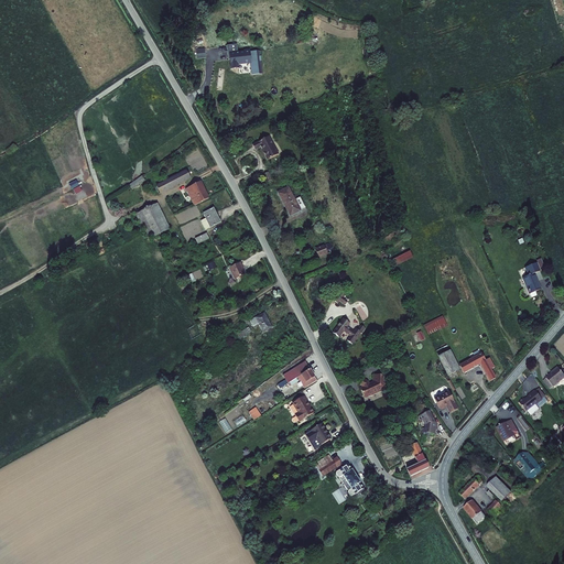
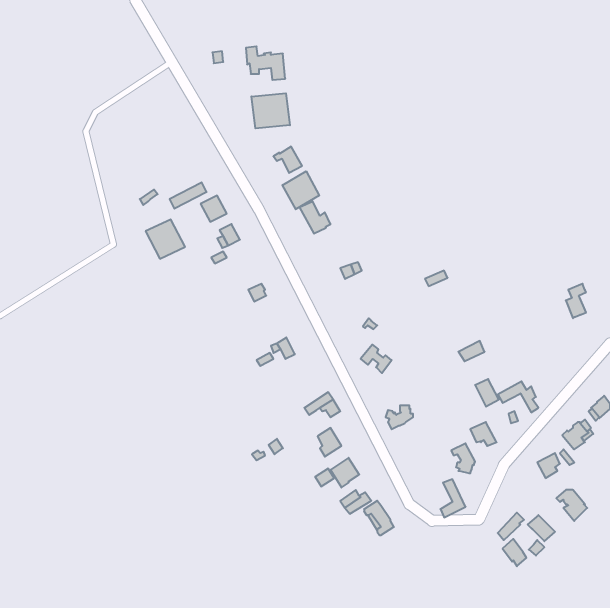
building: none -> [251,93,290,128]
building: none -> [282,171,319,209]

